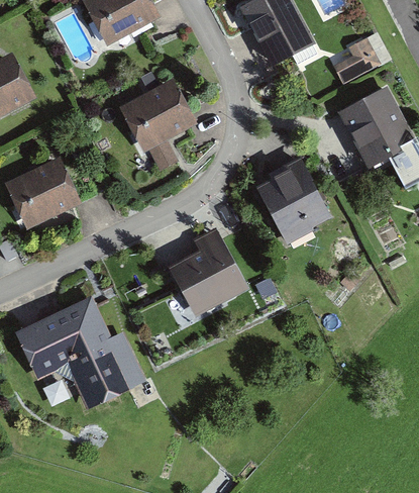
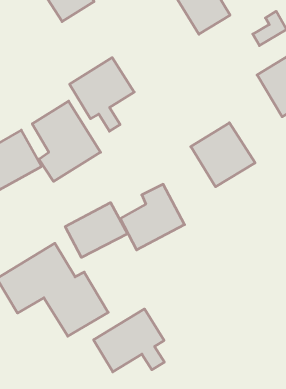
building: none -> [32,101,101,181]
building: none -> [65,203,127,257]
building: none -> [94,309,164,372]

